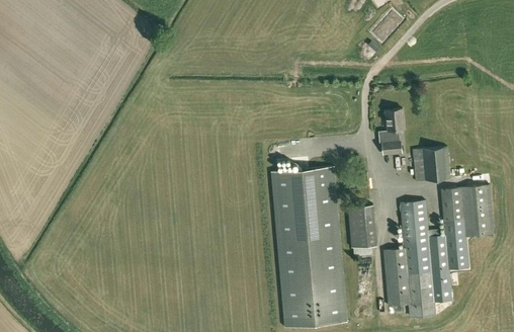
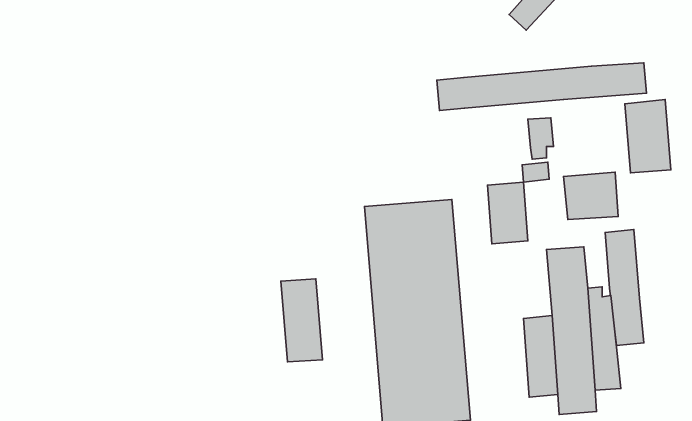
building: none -> [437,63,646,110]
building: [460,184,493,236] -> [625,100,671,173]
building: [347,203,375,247] -> [488,182,528,244]
building: none -> [281,279,323,362]

